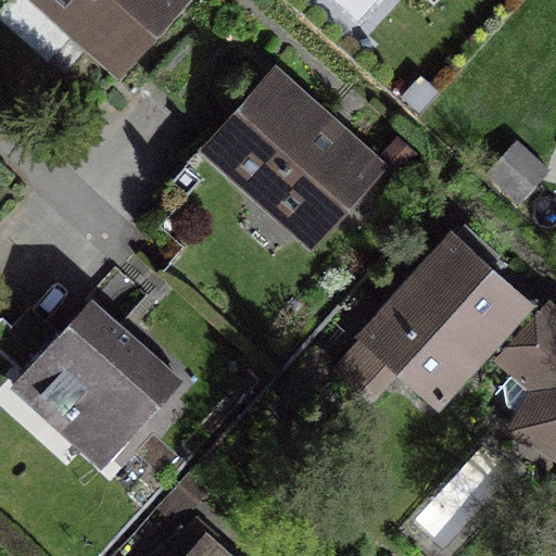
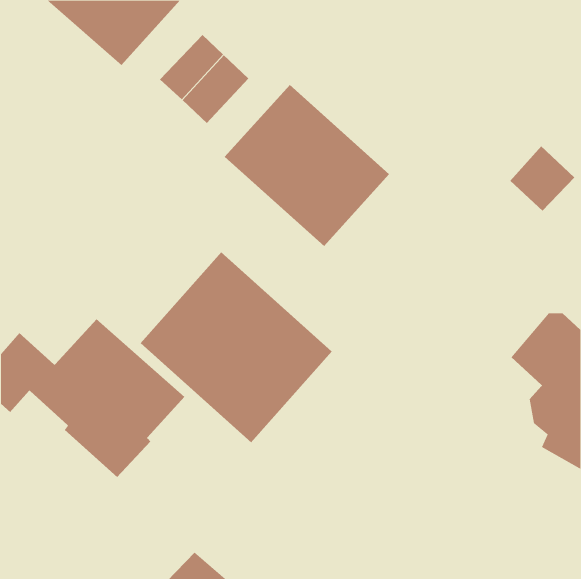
building: [339,240,523,401] -> none
building: none -> [140,252,333,443]

